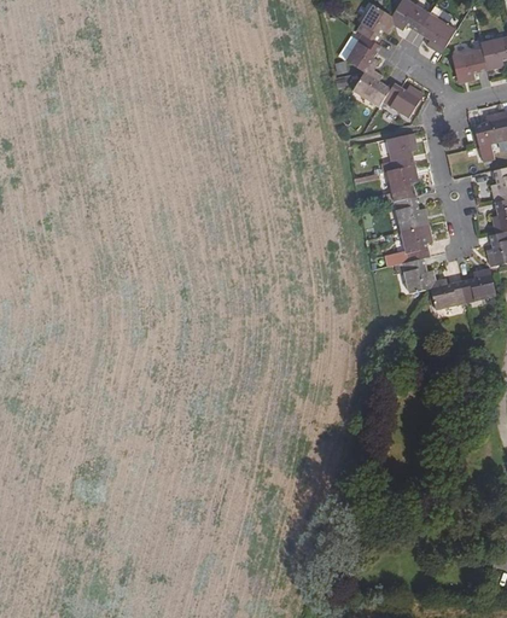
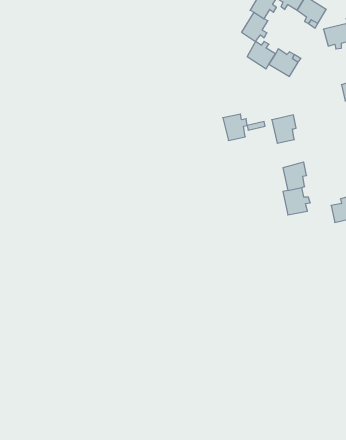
building: [384,136,415,170] -> [223,114,247,140]
building: [392,197,426,233] -> none
building: [431,279,466,309] -> none

